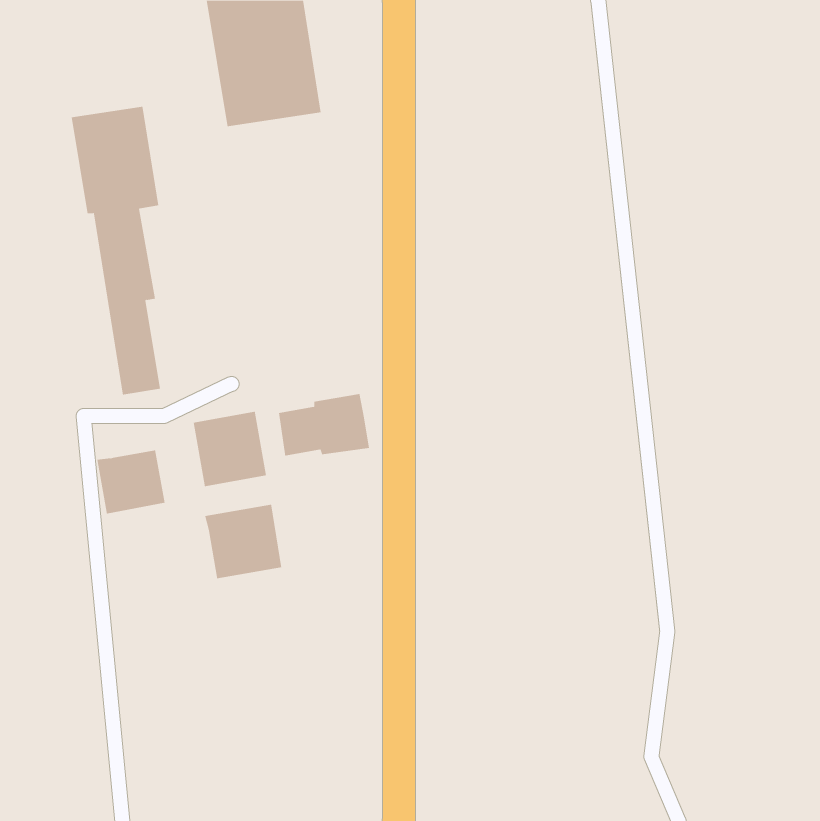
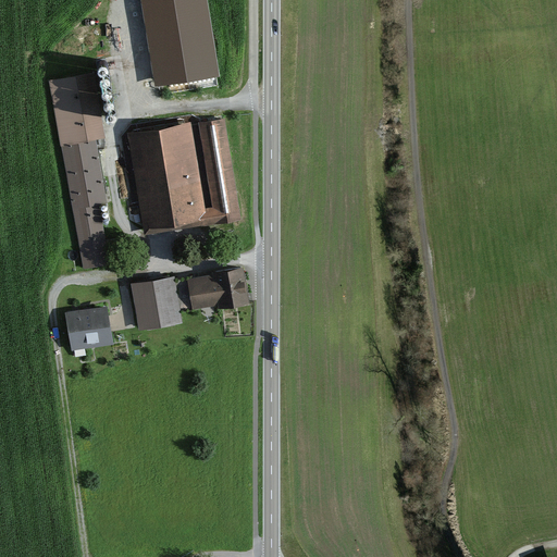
building: none -> [126,120,238,235]
building: [205,504,282,579] -> none

